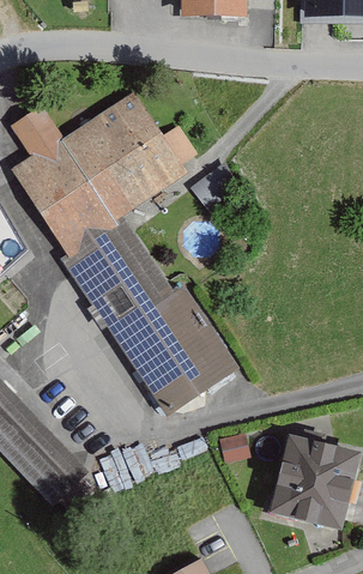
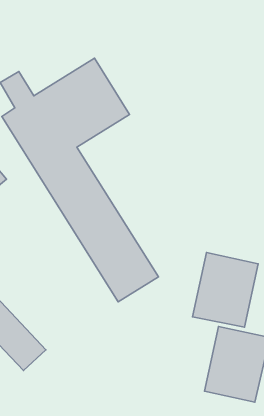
building: none -> [193,253,258,327]

